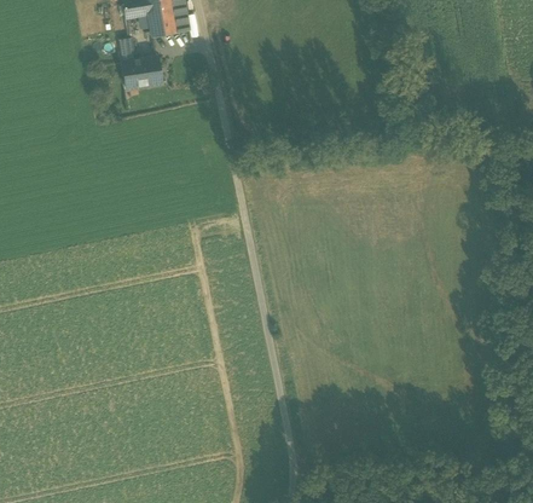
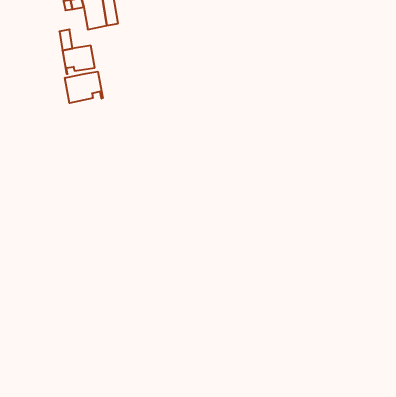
building: none -> [65,72,103,103]

